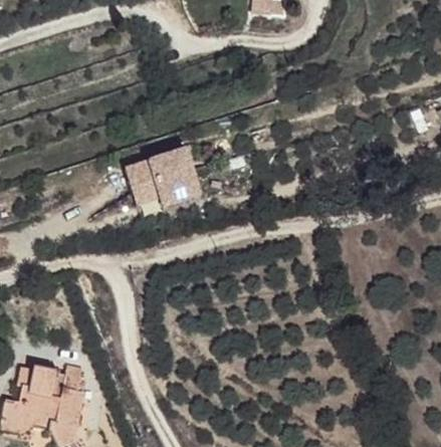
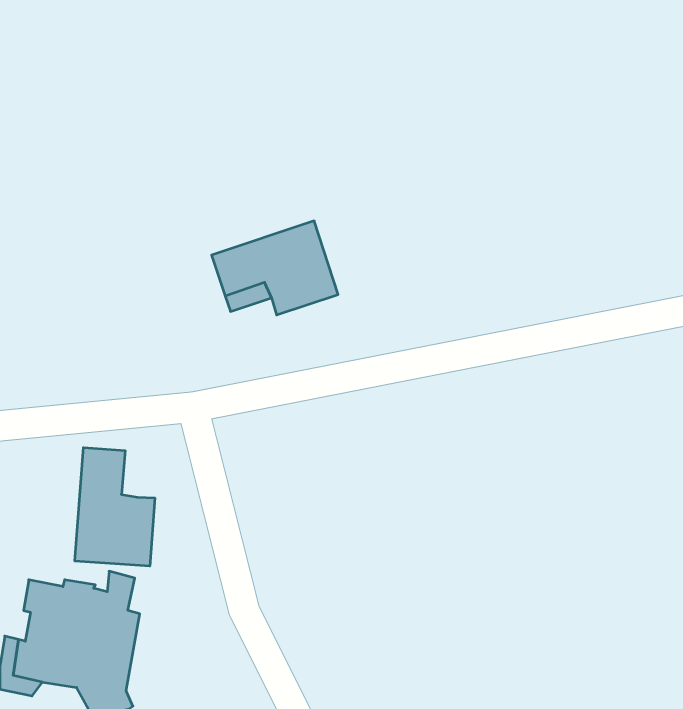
building: none -> [75,448,155,566]

